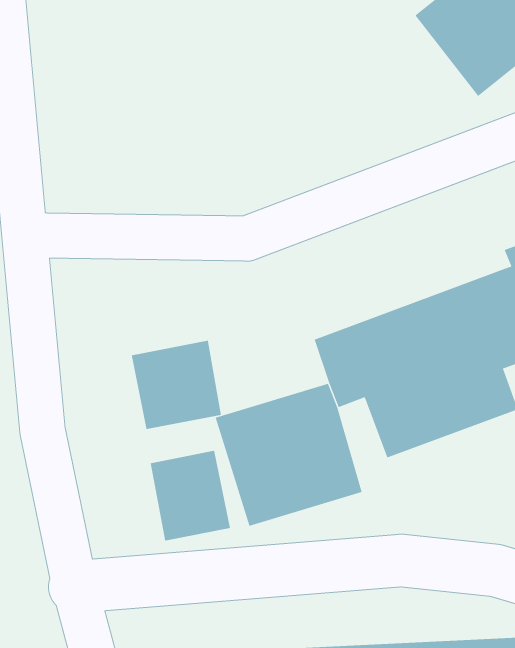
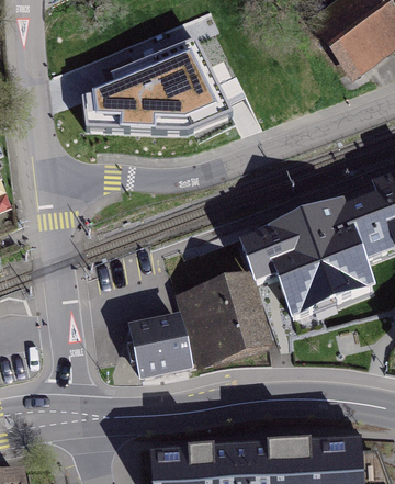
building: none -> [79,31,229,124]
building: [131,340,222,430] -> none

